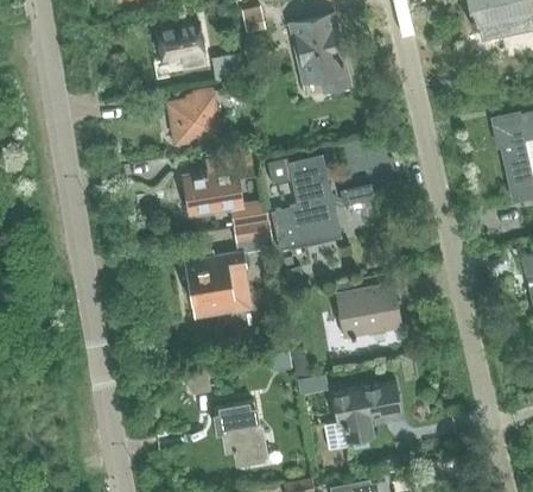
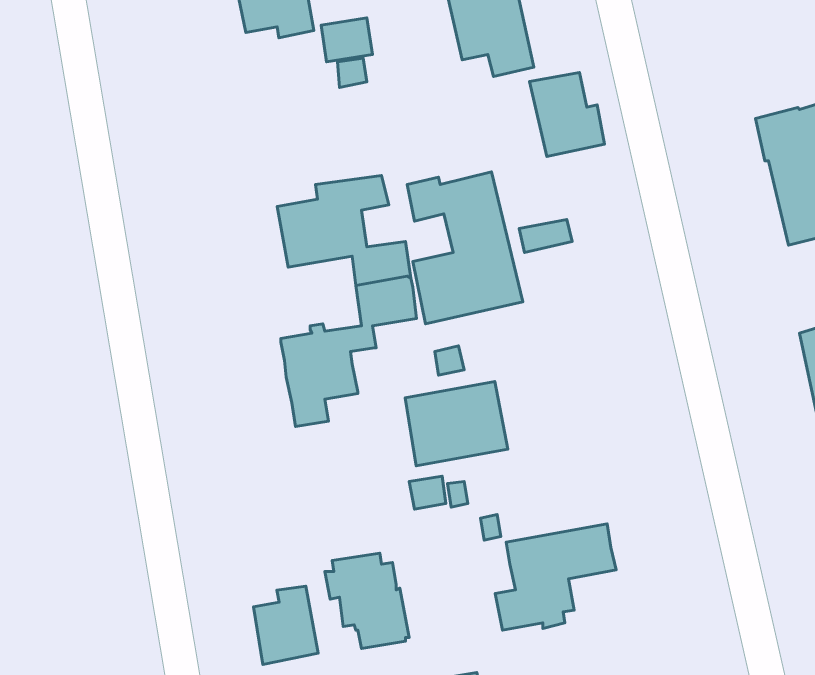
building: [169,87,222,144] -> none
building: none -> [530,72,604,157]
building: [336,283,402,338] -> [405,381,508,466]
building: none -> [254,586,318,664]

